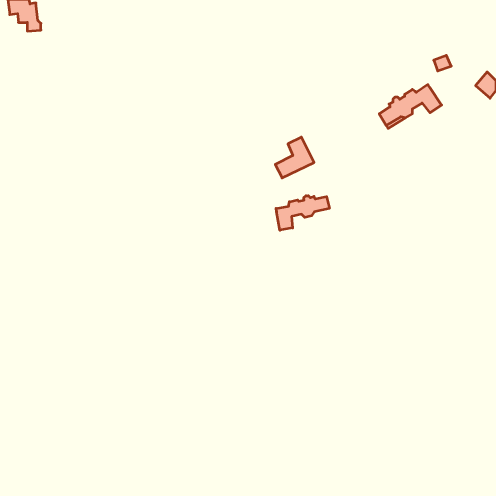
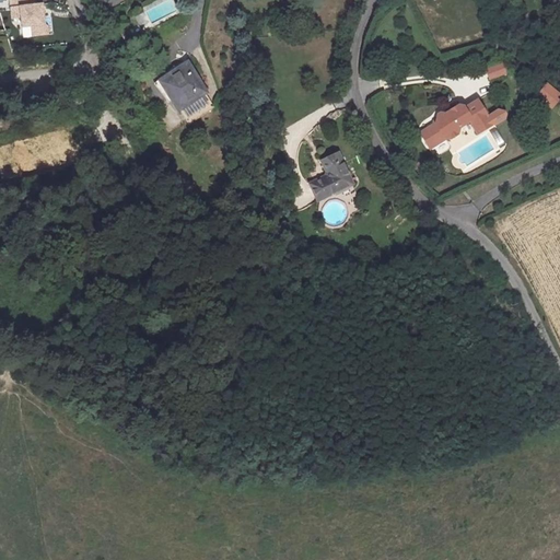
building: none -> [159,60,207,108]
building: [276,196,329,230] -> none

